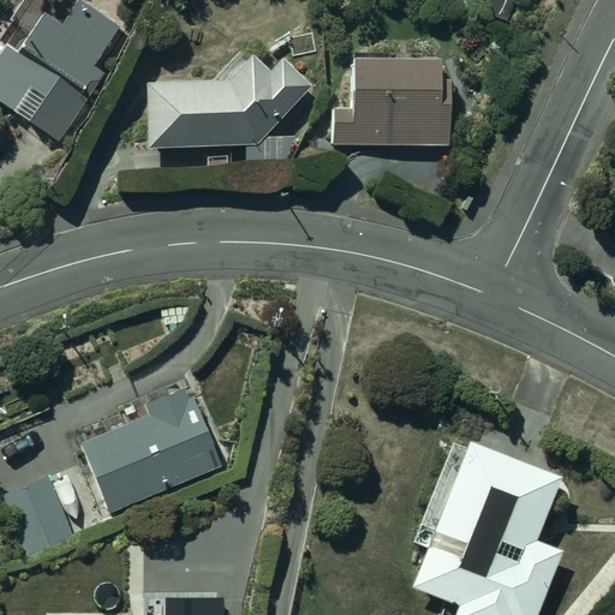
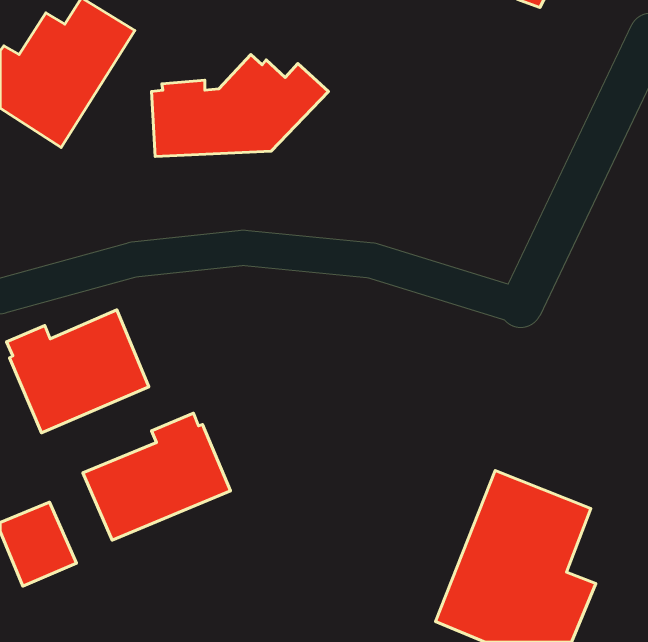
building: [332,64,450,144] -> none
building: none -> [7,310,149,433]

